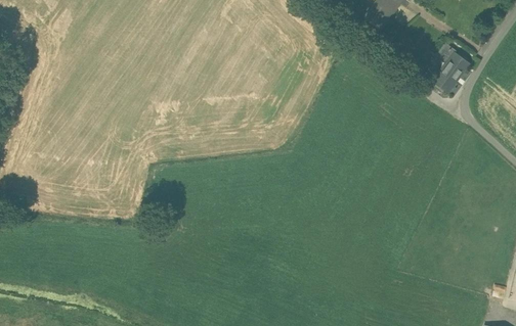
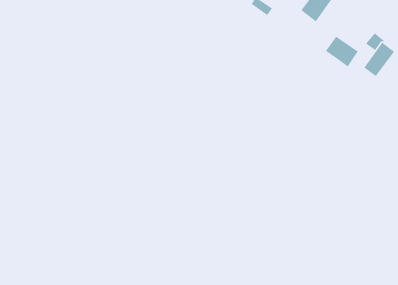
building: none -> [325,36,359,68]

